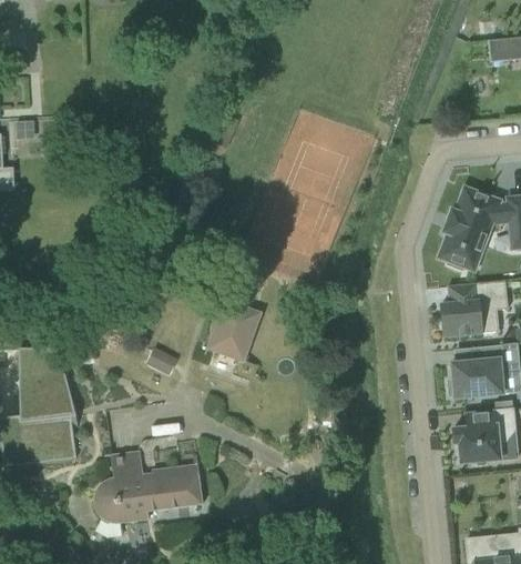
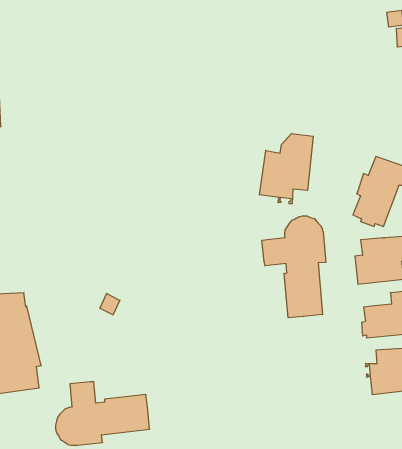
building: none -> [259,133,313,204]
building: none -> [262,216,326,318]
building: [206,299,262,362] -> none

